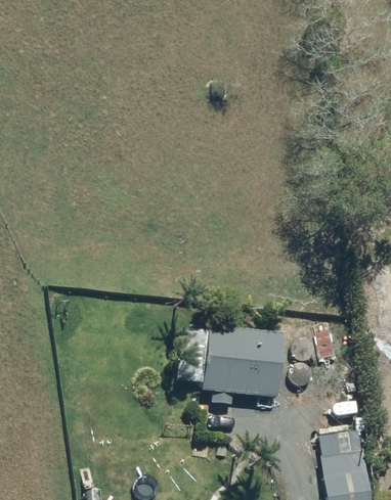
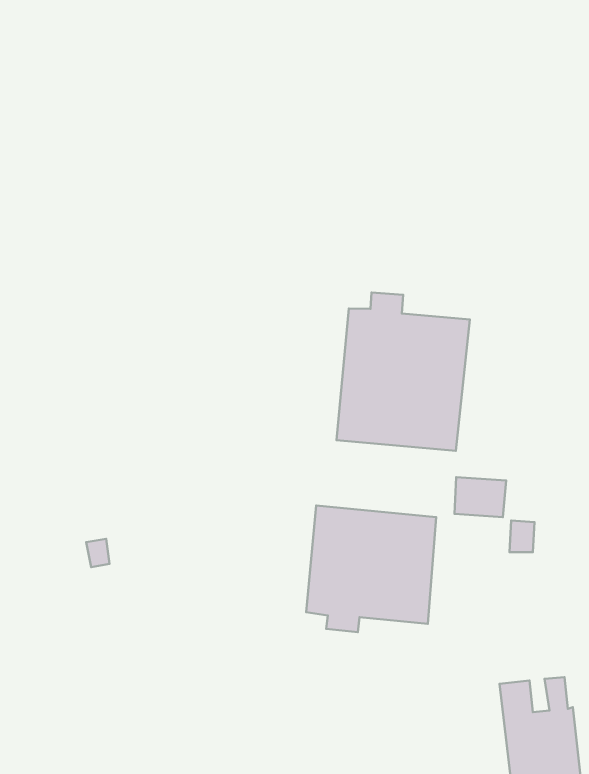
building: none -> [336,292,470,451]

